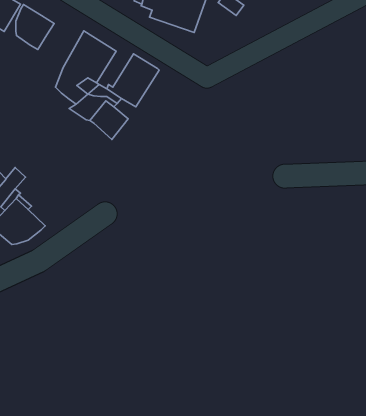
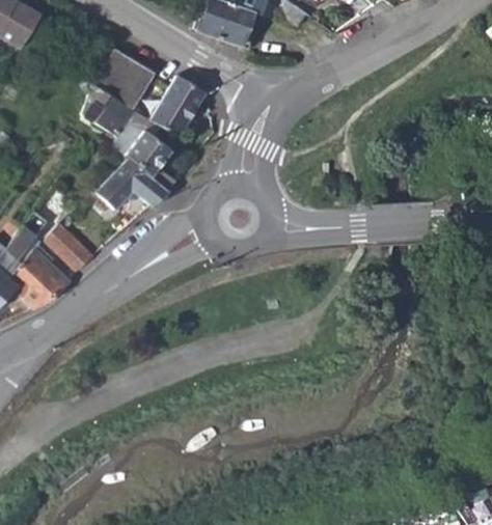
building: [16,5,54,50] -> none
building: none -> [97,158,167,210]
building: none -> [42,223,93,273]

